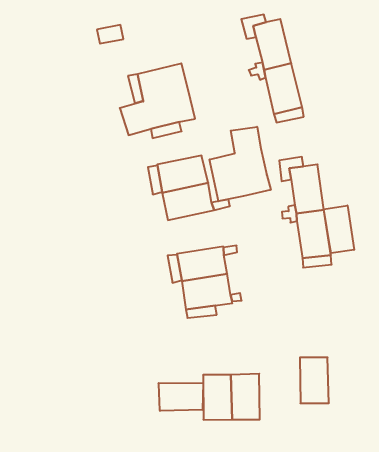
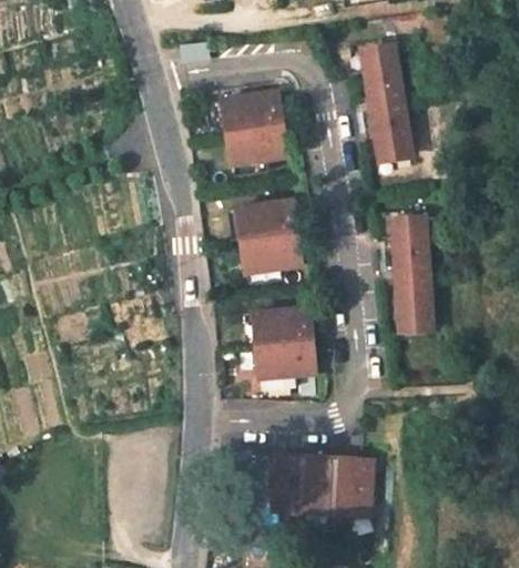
building: [210,127,271,201] -> none
building: [324,205,354,253] -> none
building: [300,357,329,403] -> [338,458,374,514]
building: [159,383,203,411] -> none

